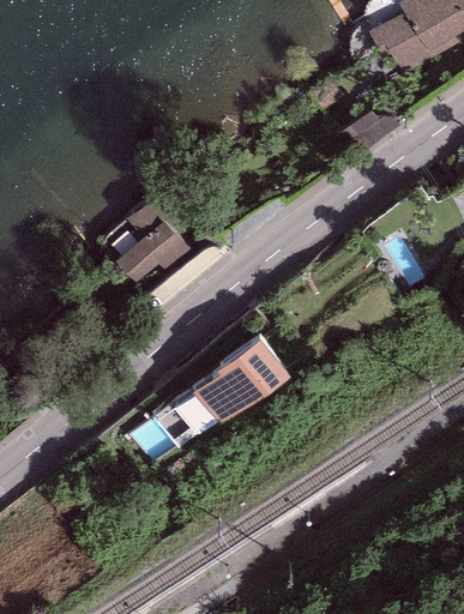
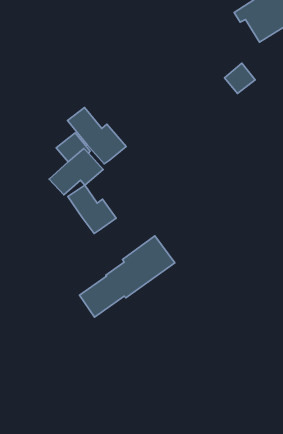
building: none -> [67,108,126,164]
building: none -> [68,185,116,233]

